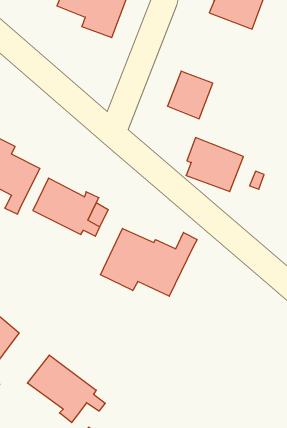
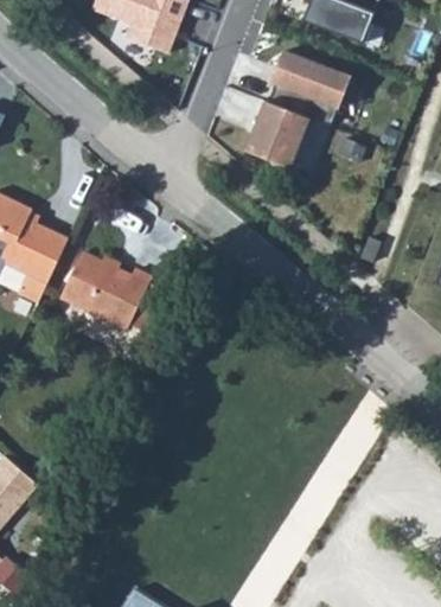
building: [186,138,243,192] -> [271,51,351,126]
building: [101,228,197,296] -> none
building: [27,355,105,423] -> none

